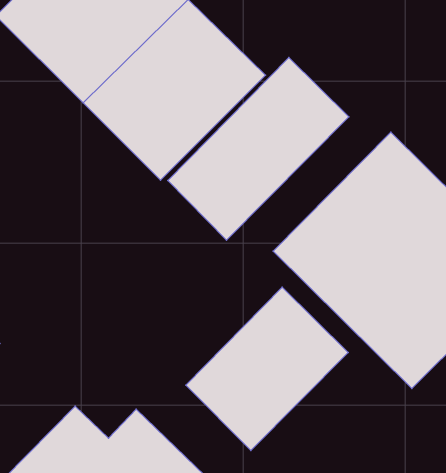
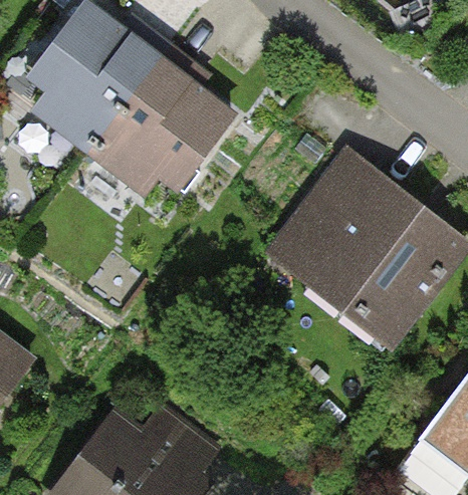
building: [168,58,349,240] -> none
building: [186,287,348,451] -> none

